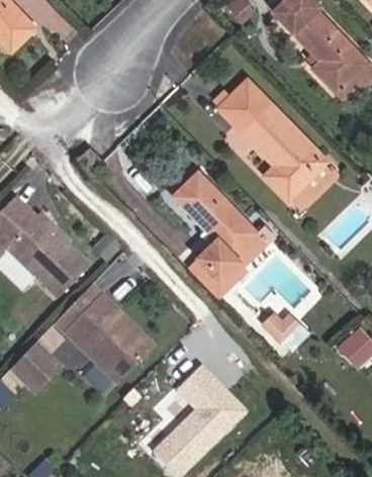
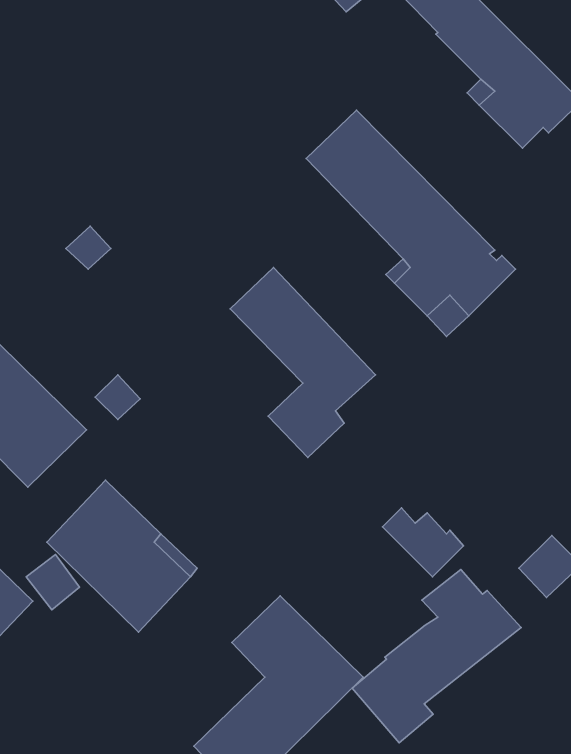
building: [185,225,274,299] -> none
building: none -> [352,570,521,743]

